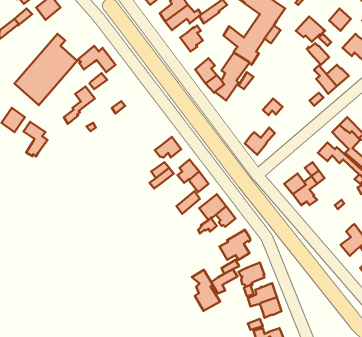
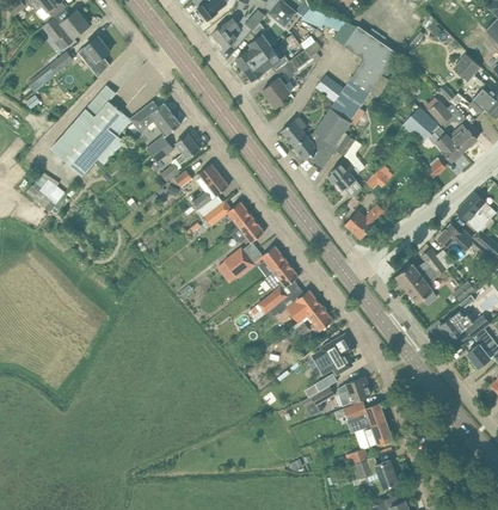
building: [296,17,325,42] -> [402,107,439,140]
building: [64,86,95,124] -> [161,134,201,182]
building: none -> [328,158,361,190]
building: none -> [197,164,229,199]
building: [23,122,48,157] -> none
building: none -> [204,201,252,227]
building: none -> [439,309,482,340]
building: [192,270,220,311] -> none

